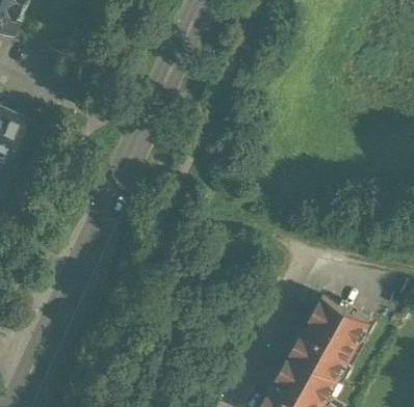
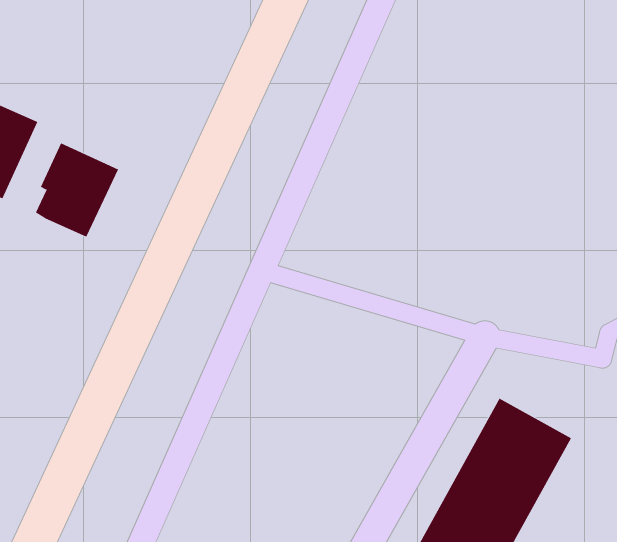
building: none -> [35,143,119,237]

